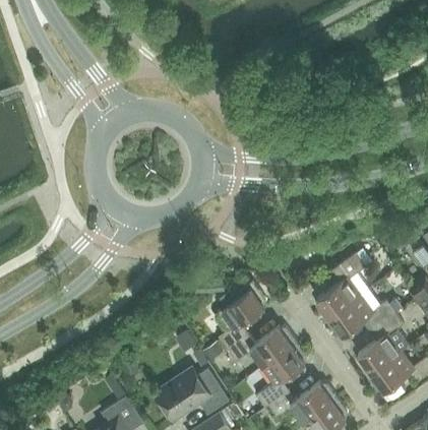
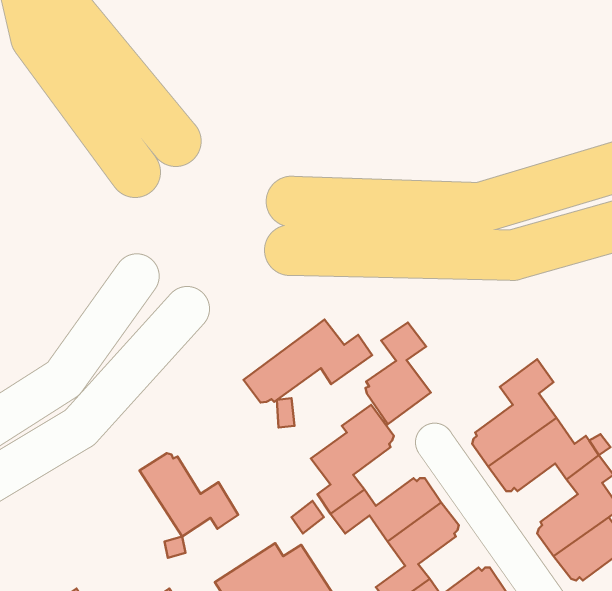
building: none -> [244,320,372,403]
building: none -> [366,323,431,424]
building: none -> [140,453,238,537]

